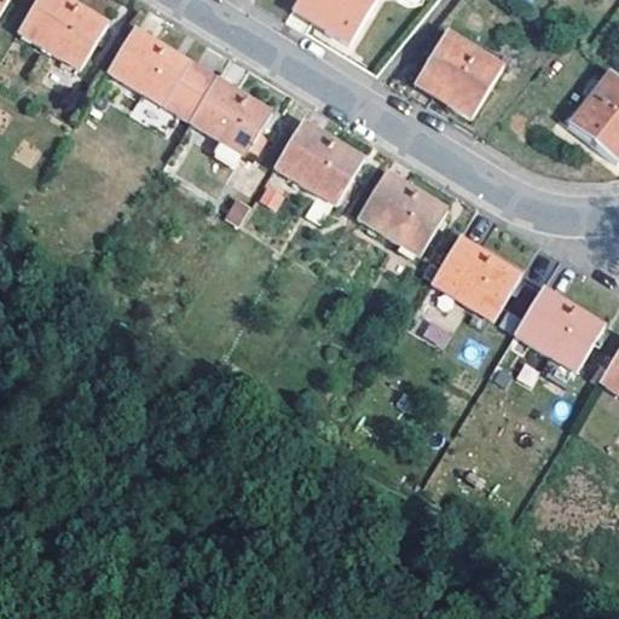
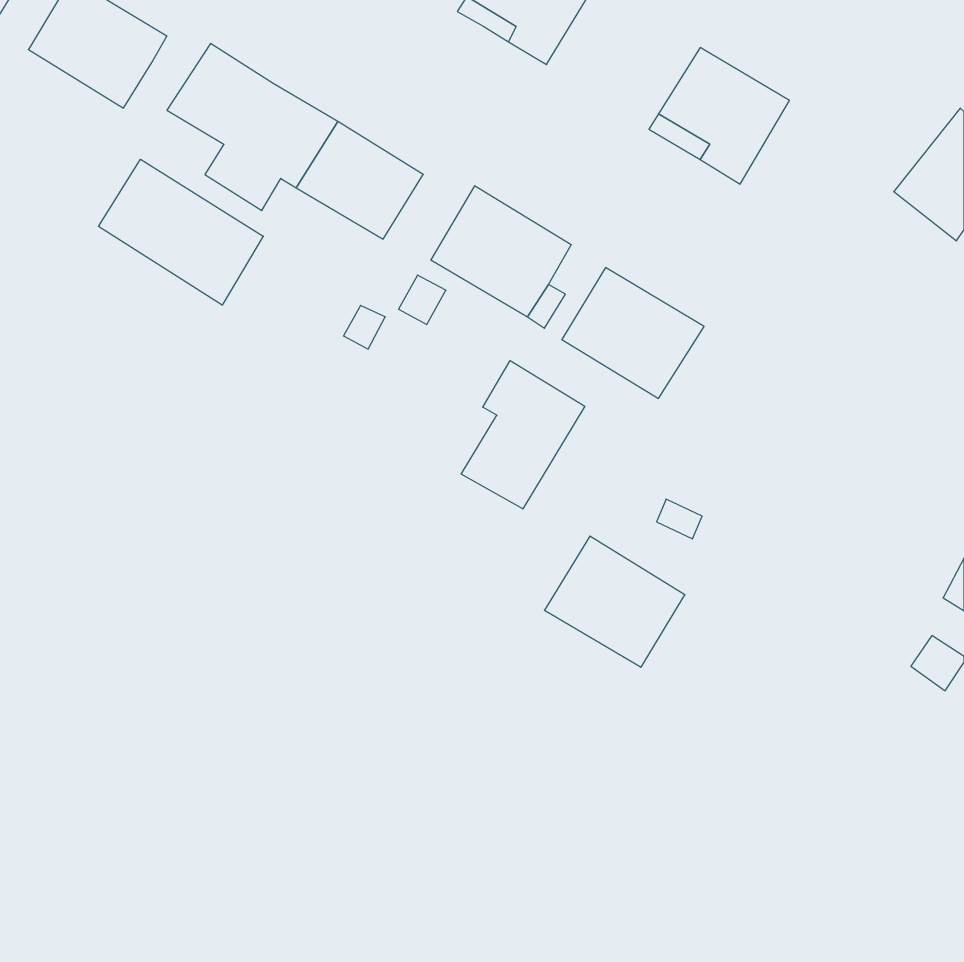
building: none -> [98,159,263,305]
building: none -> [461,361,585,509]
building: [432,236,521,319] -> [544,536,685,667]
building: [515,287,604,370] -> none

